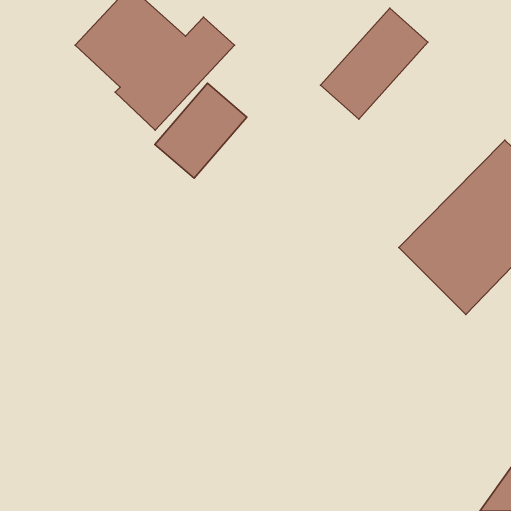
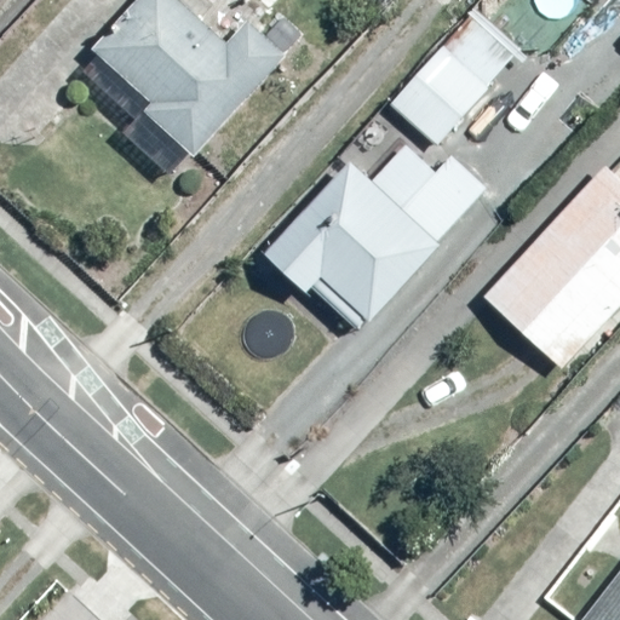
building: [155,83,247,178] -> none
building: none -> [260,143,484,325]

